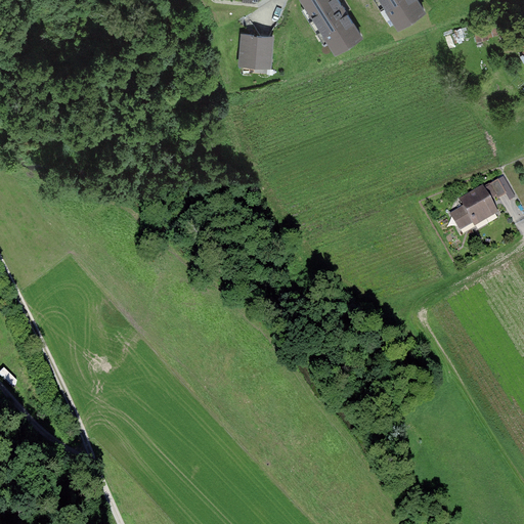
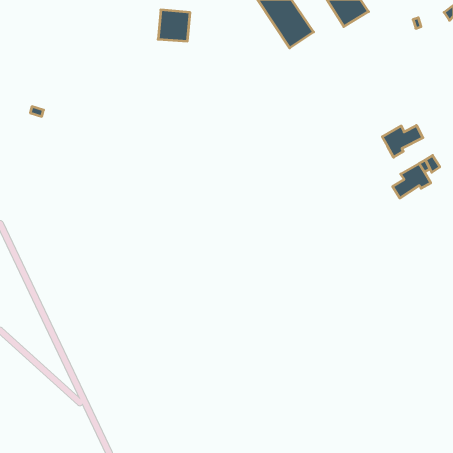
building: [237,32,274,68] -> [158,10,190,41]
building: none -> [382,125,423,157]

